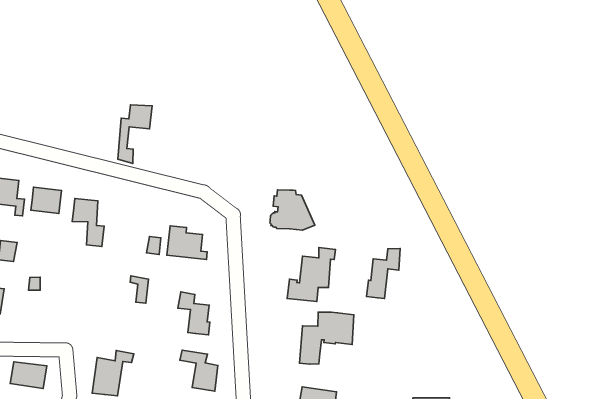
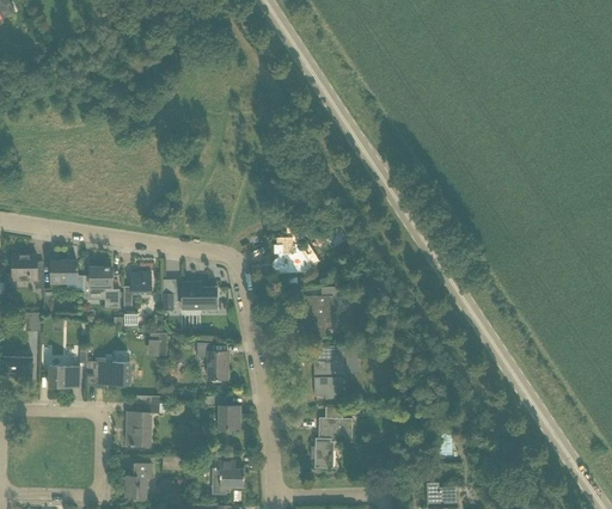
building: [118,105,152,163] -> [123,272,151,327]
building: [367,248,400,299] -> none
building: none -> [96,357,129,387]
building: [10,362,47,389] -> [48,366,80,387]

